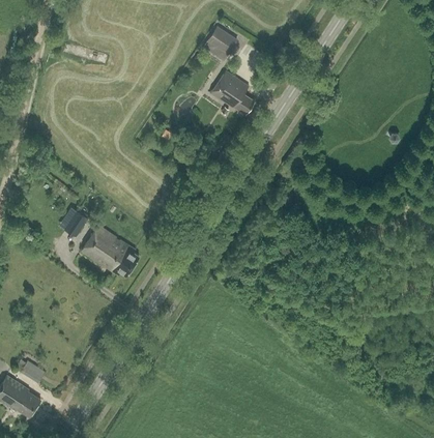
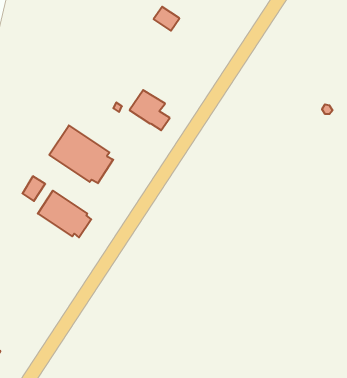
building: [210,70,254,114] -> [130,90,170,130]
building: none -> [49,125,113,183]

